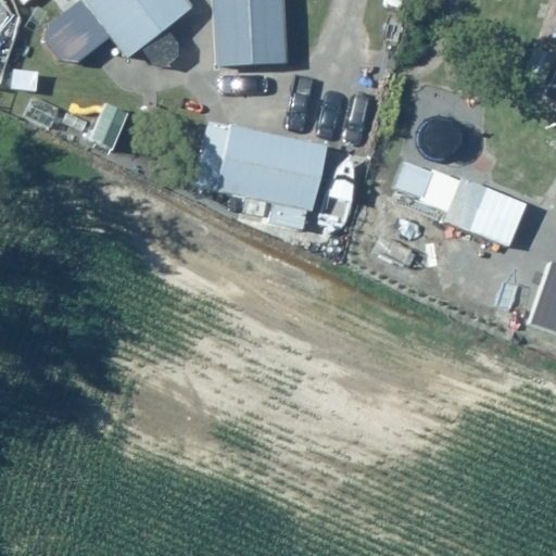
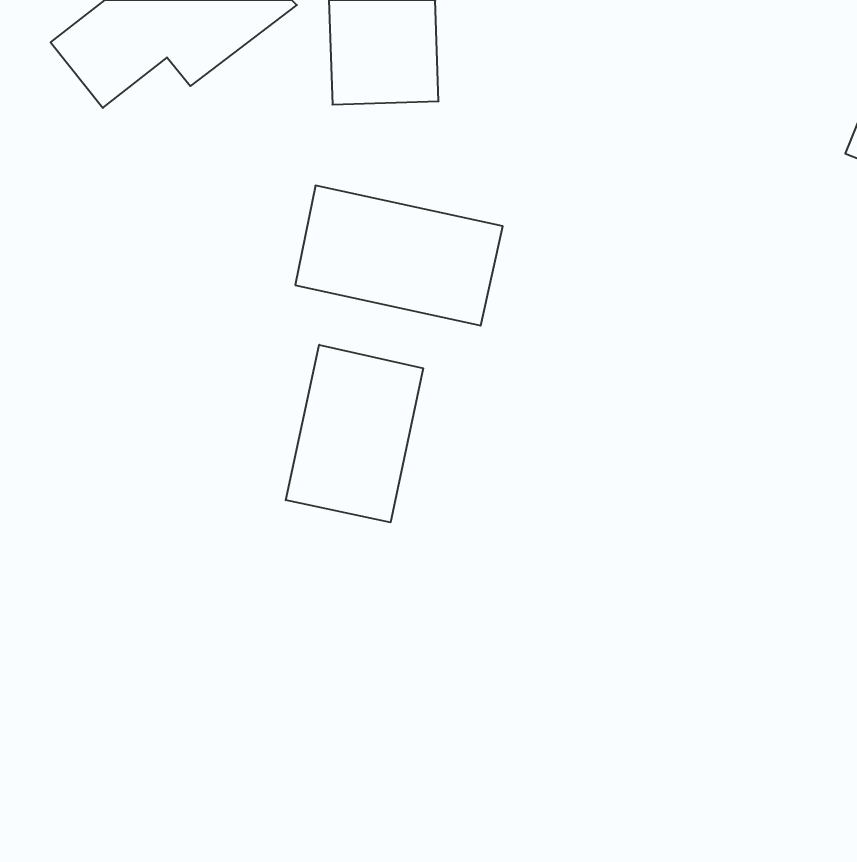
building: [392,155,531,253] -> none
building: none -> [286,345,423,522]

